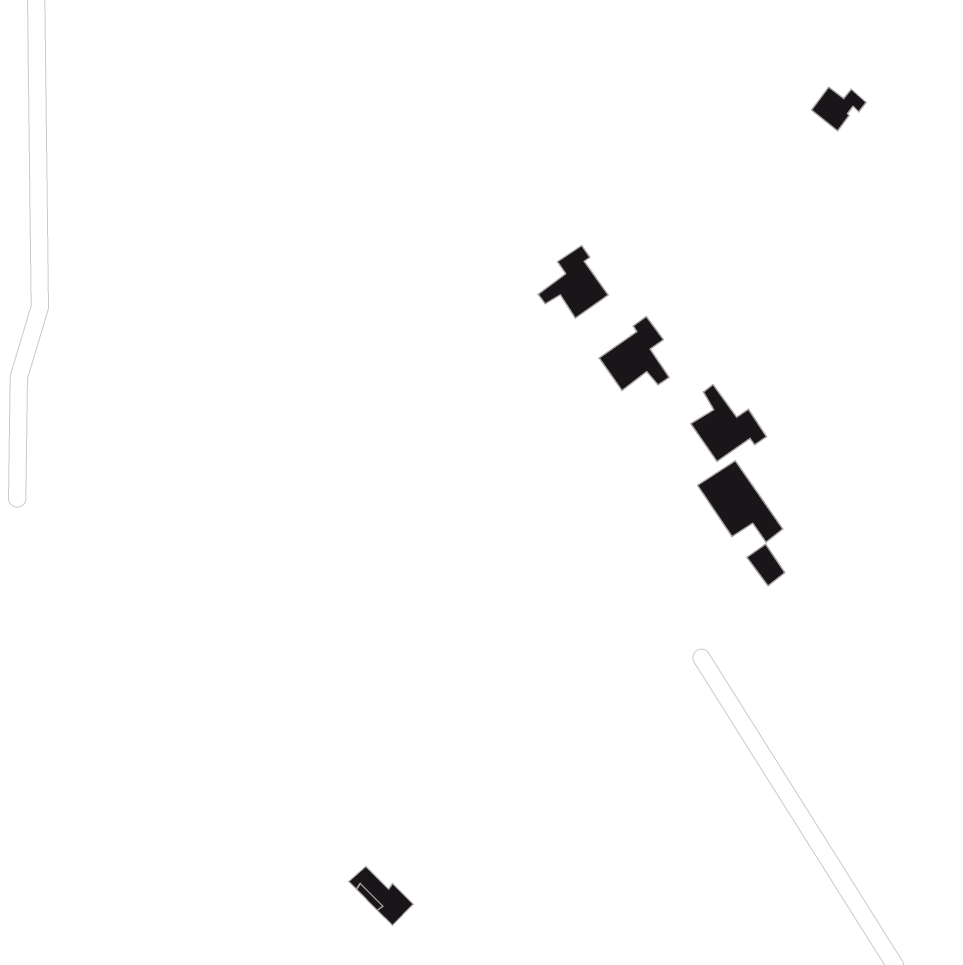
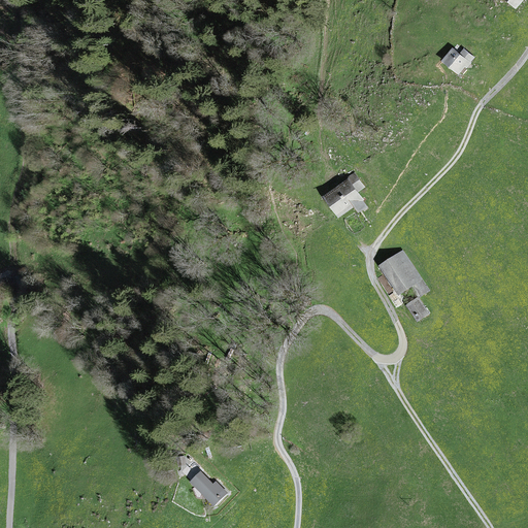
building: [538,246,608,318] -> none
building: [691,385,767,462] -> none

